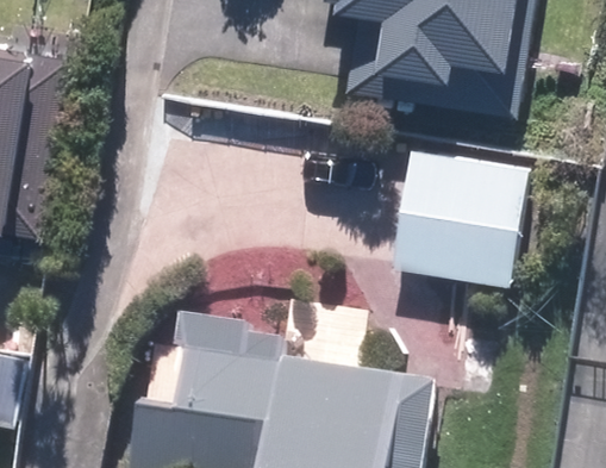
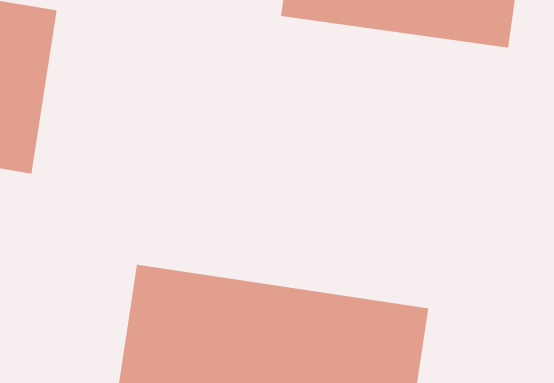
building: [395,149,520,282] -> none

